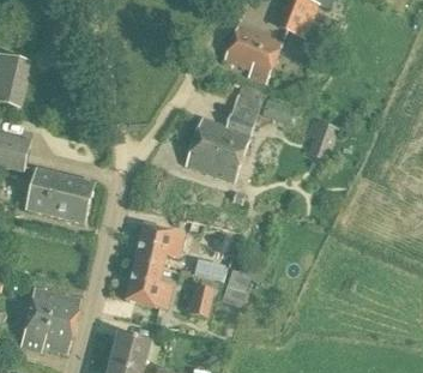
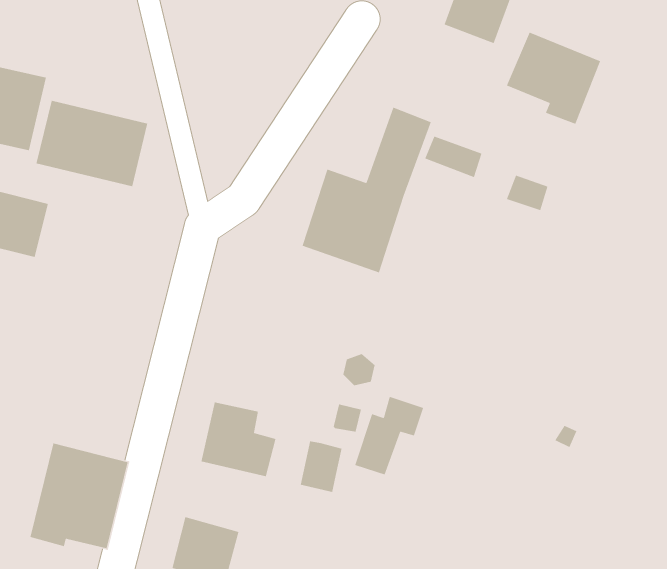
building: [224,24,283,82] -> [506,32,601,125]
building: [26,168,96,222] -> [36,100,148,187]
building: [133,223,183,266] -> none

